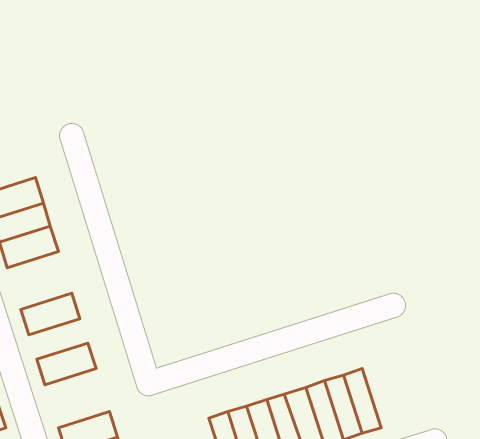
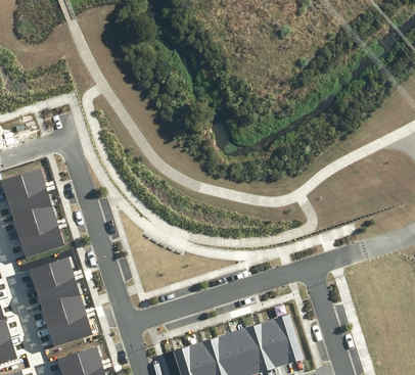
building: none -> [18,225,64,259]
building: none -> [35,276,80,307]
building: none -> [47,314,92,347]

